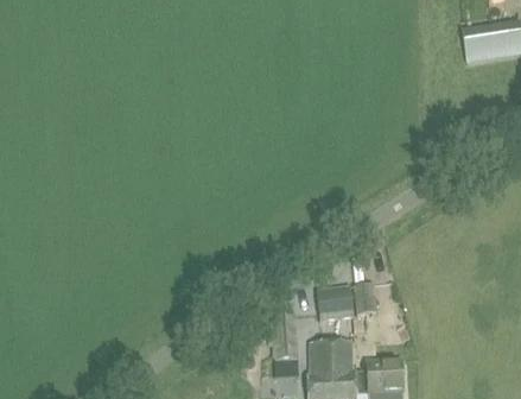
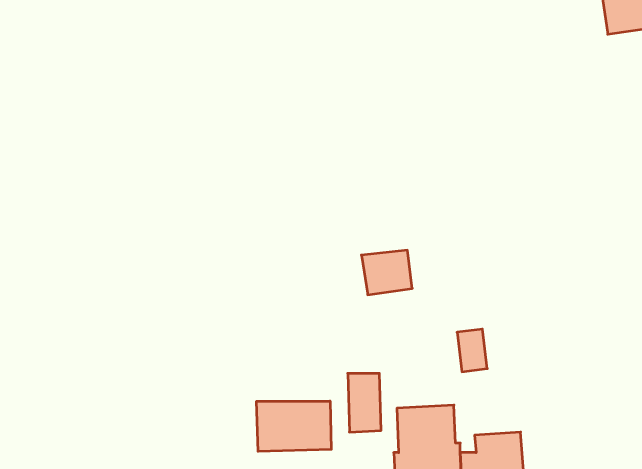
building: [316,287,354,321] -> [361,250,412,295]
building: none -> [257,401,331,451]

